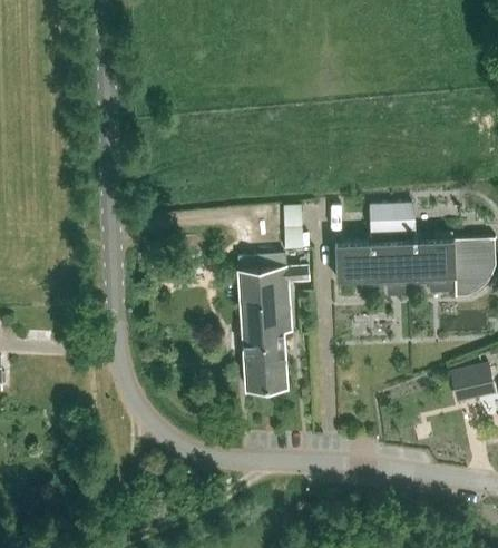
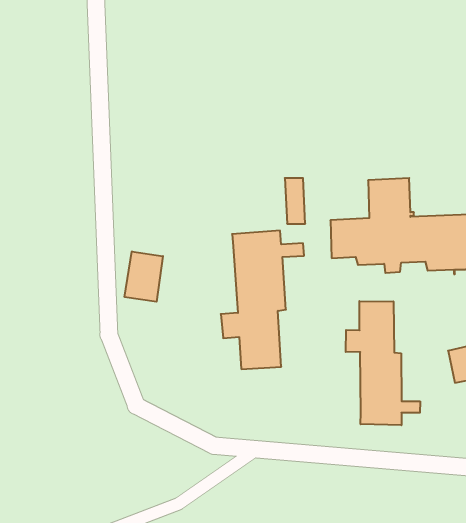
building: none -> [125,251,163,302]
building: none -> [346,301,420,425]

